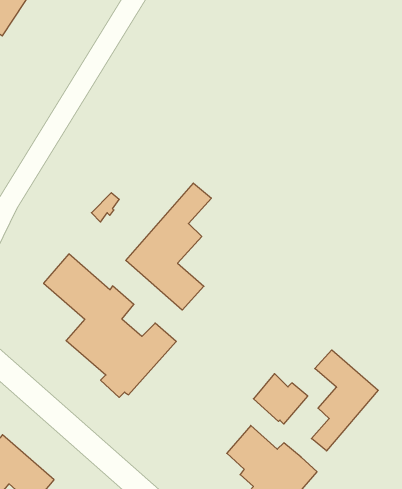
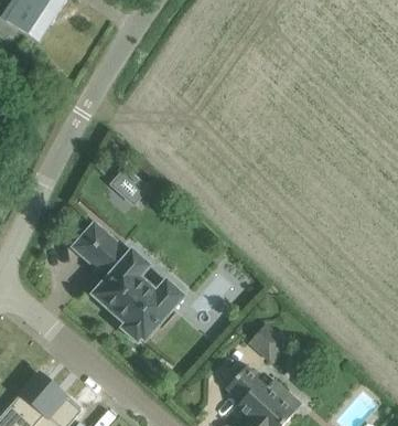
building: [126,183,211,310] -> none
building: [311,350,378,451] -> none

